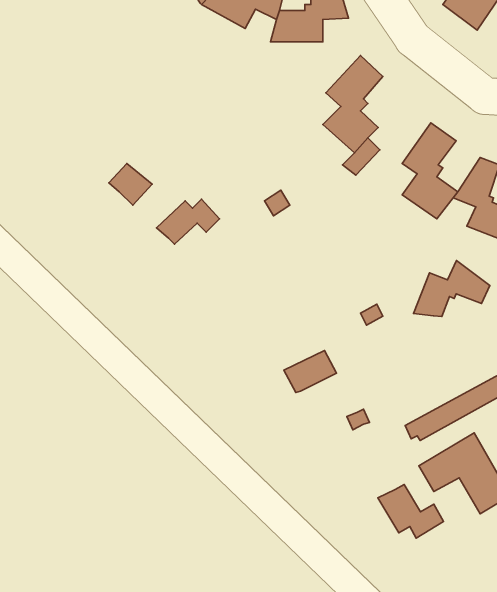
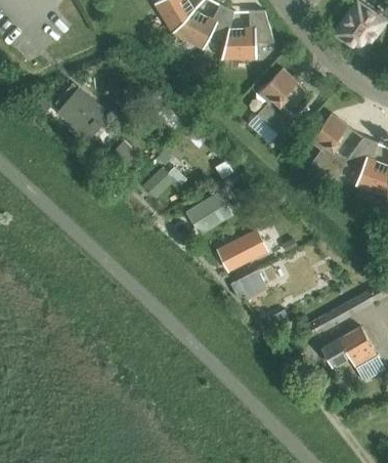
building: none -> [54,83,107,137]
building: none -> [191,179,230,233]
building: [414,260,490,316] -> none
building: none -> [217,228,268,271]
building: [378,485,443,538] -> none

